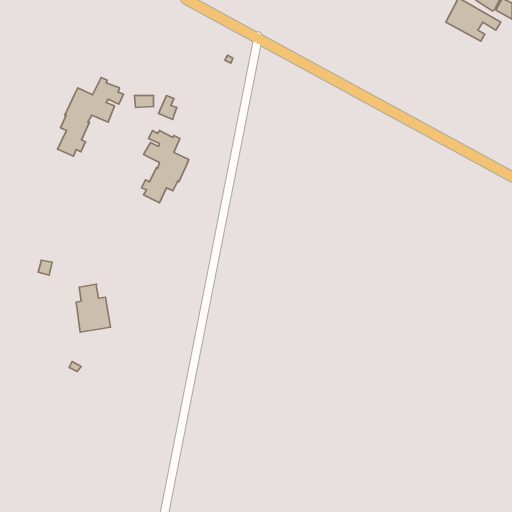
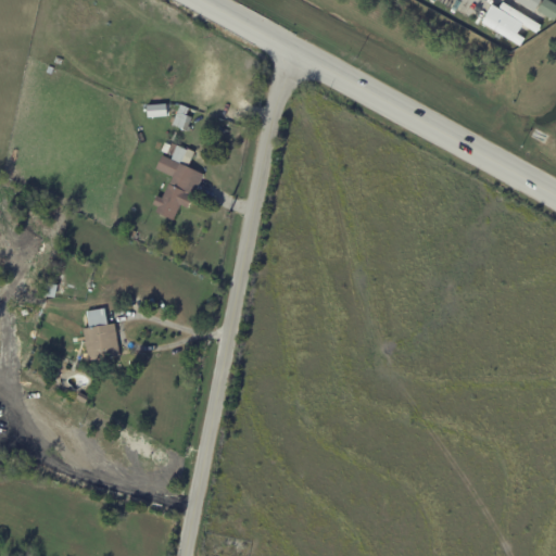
building: [58,78,124,156] -> none

